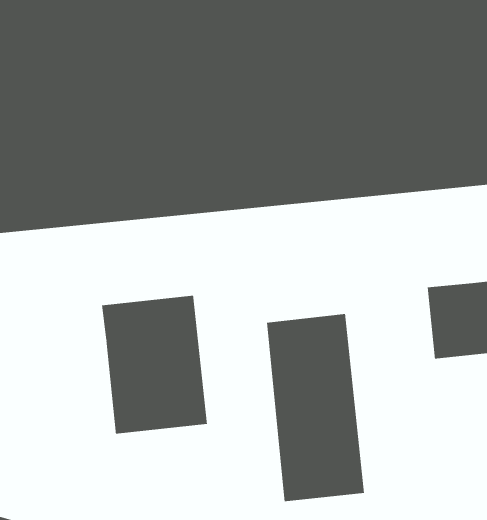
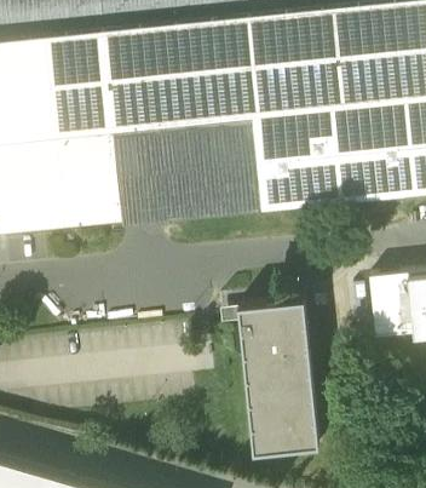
building: [102,295,207,434] -> none

